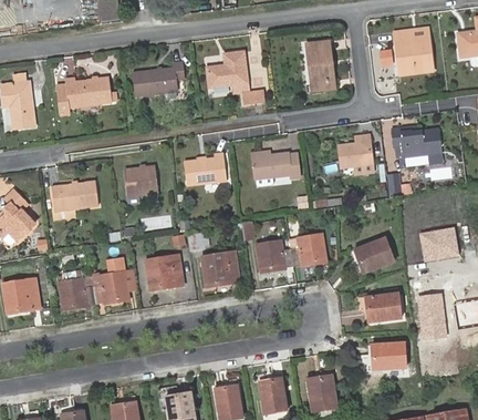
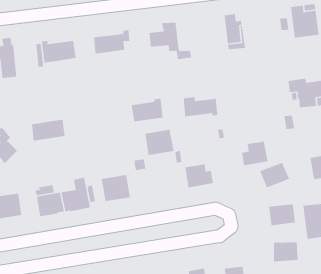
building: [339,135,371,166] -> none
building: [124,167,158,197] -> none
building: [290,233,326,266] -> [241,141,269,166]
building: [200,250,240,286] -> [144,129,174,156]

